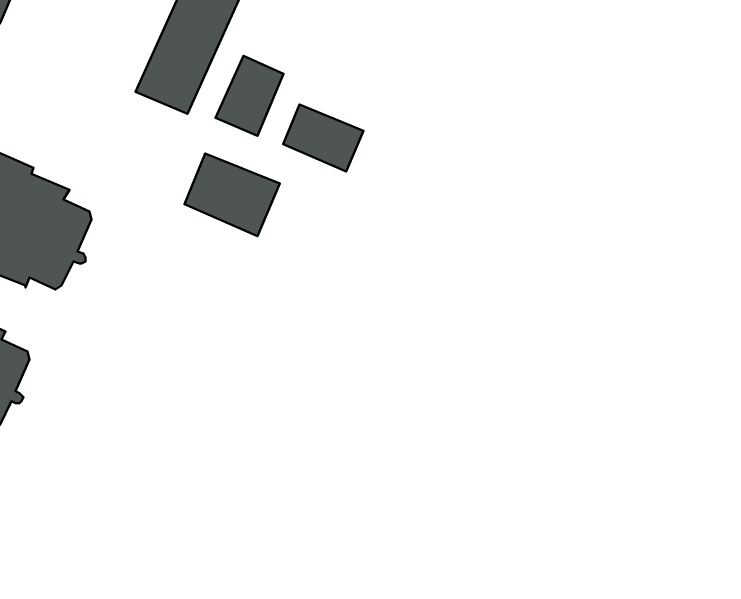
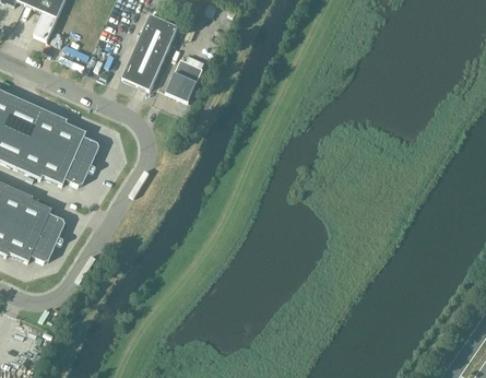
building: [283,105,364,171] -> none
building: [185,153,280,236] -> none

